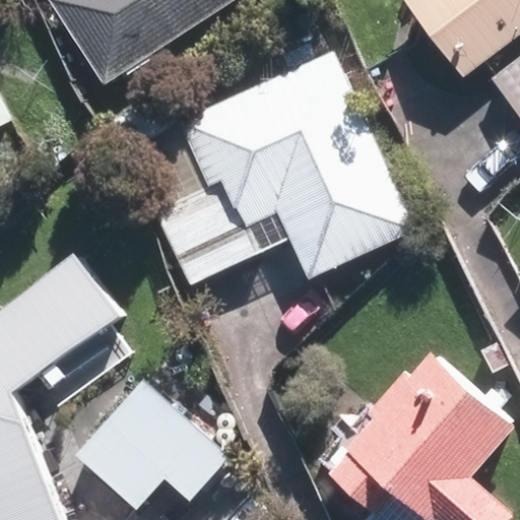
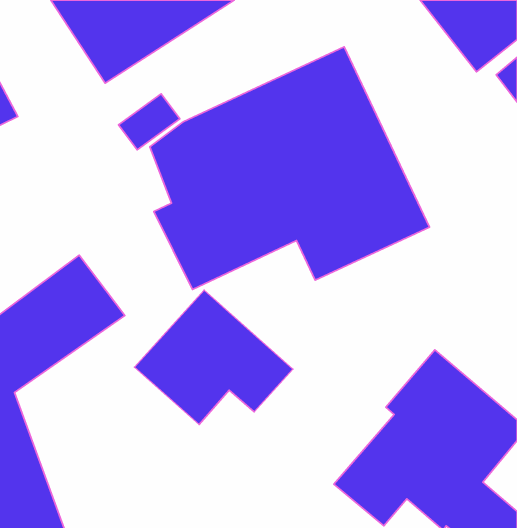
building: [74,380,229,511] -> [135,290,293,424]

